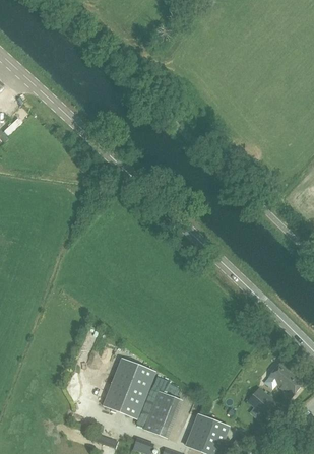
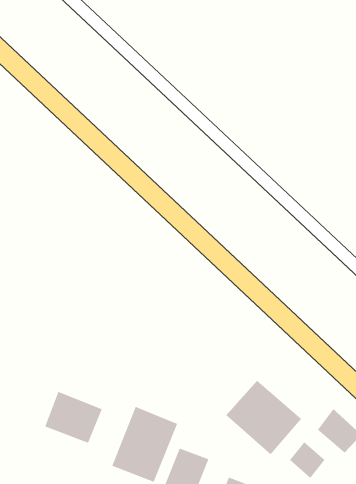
building: none -> [225,380,302,455]
building: none -> [44,391,103,444]

